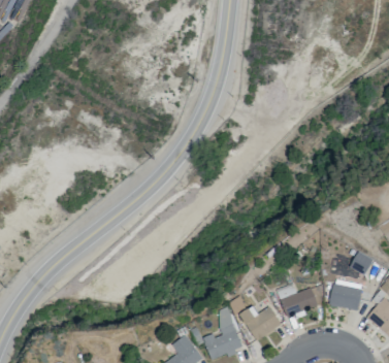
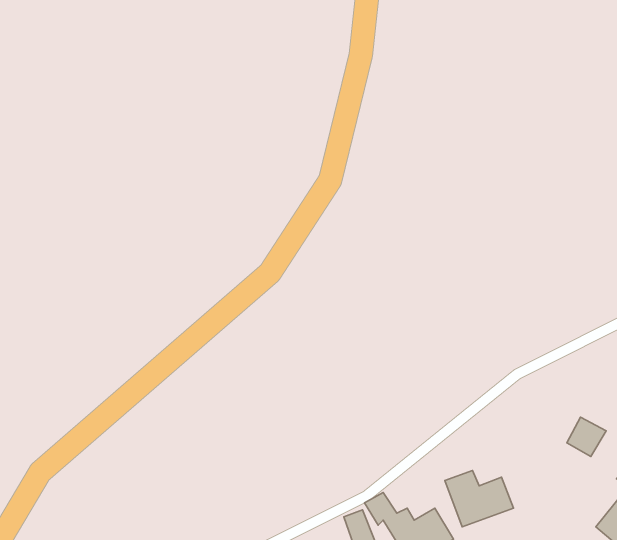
building: [330,280,362,310] -> none

